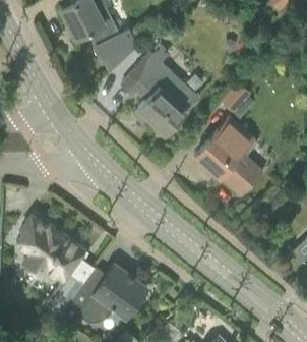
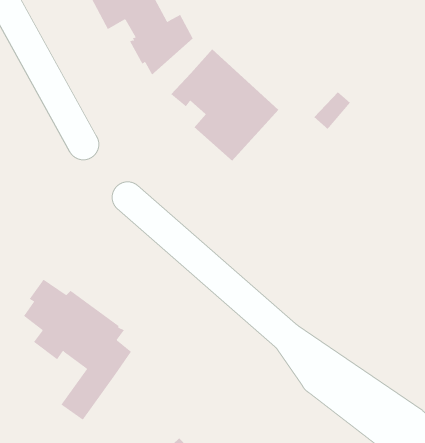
building: [196,118,263,196] -> none
building: [60,266,148,327] -> none

